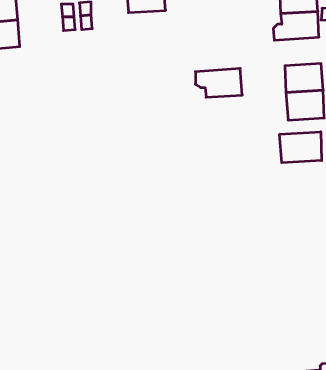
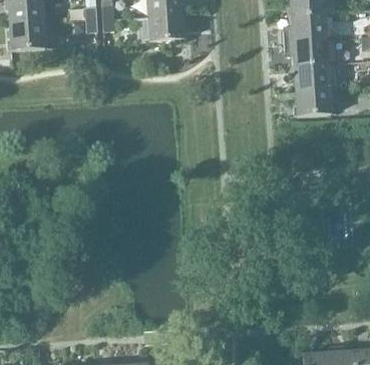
building: none -> [147,13,183,40]
building: [195,68,242,97] -> [285,38,329,65]
building: [280,132,322,163] -> none

